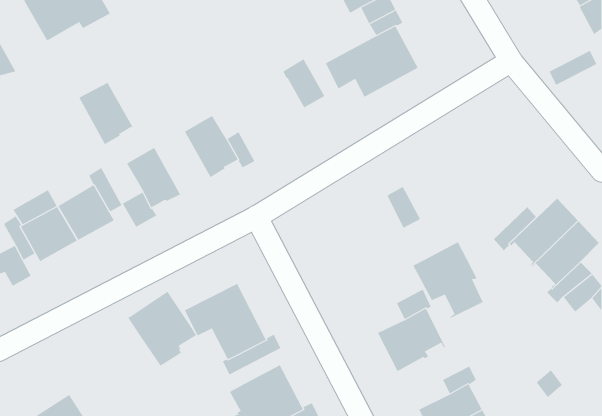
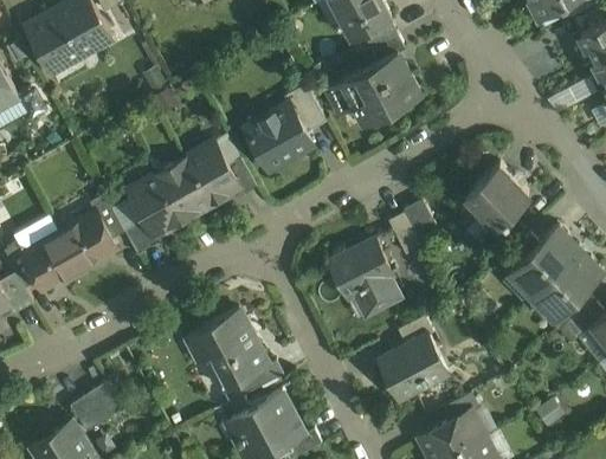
building: none -> [249,106,311,172]
building: [78,82,134,145] -> [155,160,211,222]
building: none -> [464,164,529,231]
building: none -> [401,201,437,247]
building: [412,242,483,319] -> [328,240,399,317]
building: [128,291,197,367] -> none
building: none -> [69,383,121,432]

